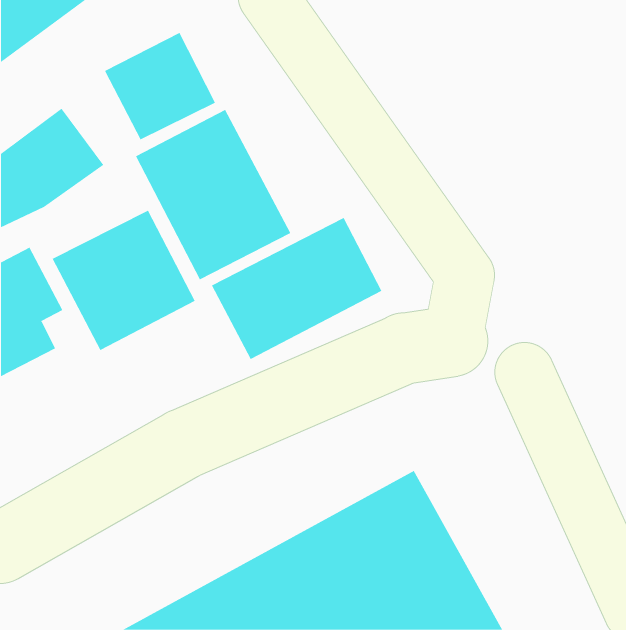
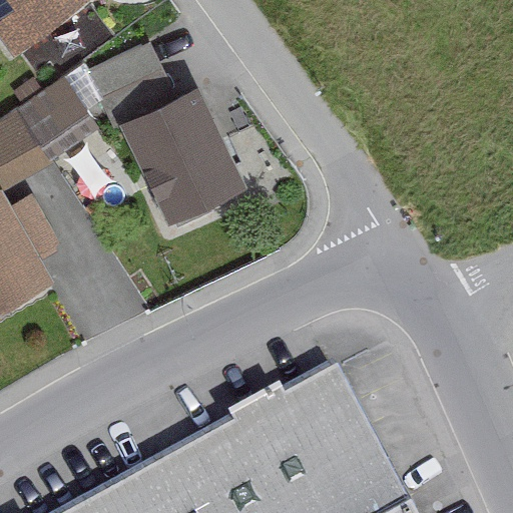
building: [52,210,196,351] -> none
building: [211,217,382,360] -> none

